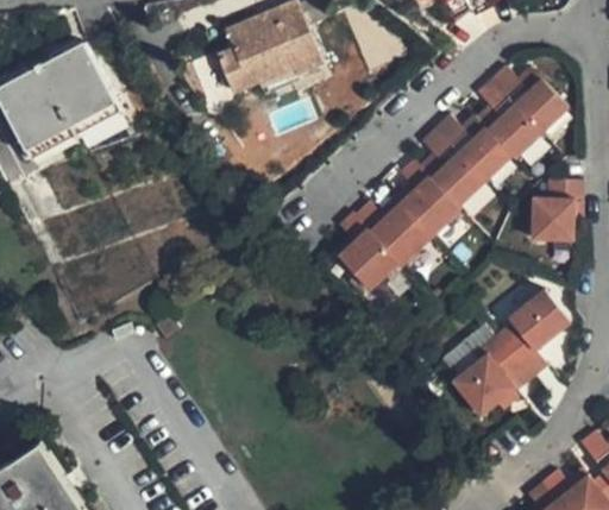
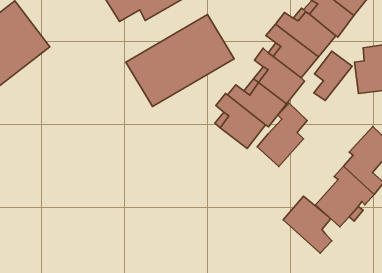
building: none -> [126,15,234,106]
building: none -> [314,51,352,101]
building: none -> [257,103,307,166]
building: none -> [283,196,332,253]

